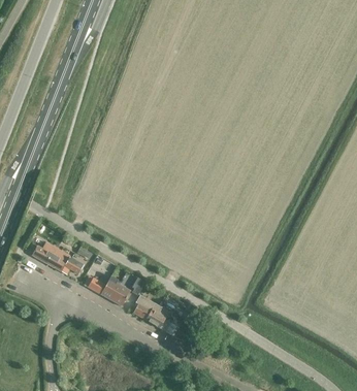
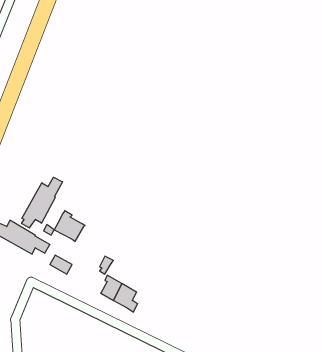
building: none -> [22,177,63,228]
building: [101,275,131,305] -> [54,211,85,241]

